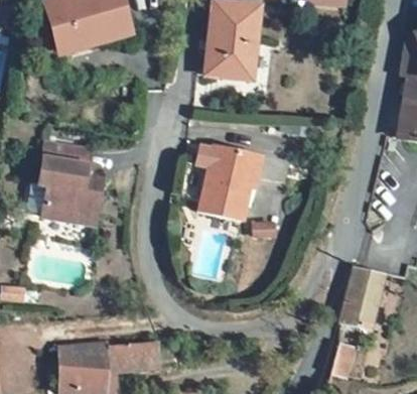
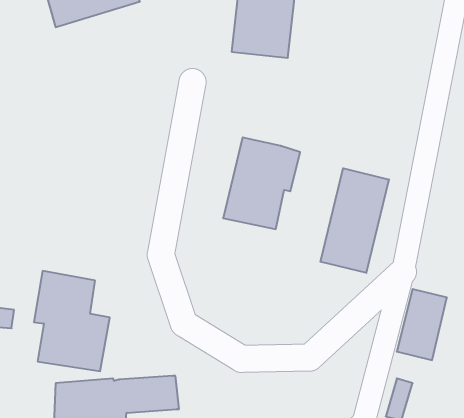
building: [38,141,101,224] -> [34,271,110,371]
building: none -> [320,168,389,273]

